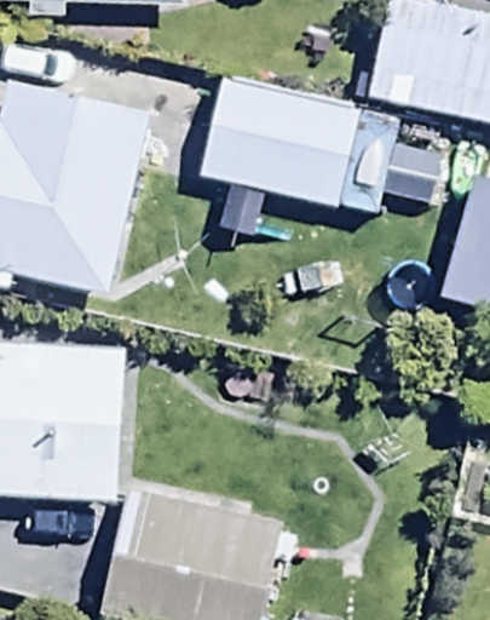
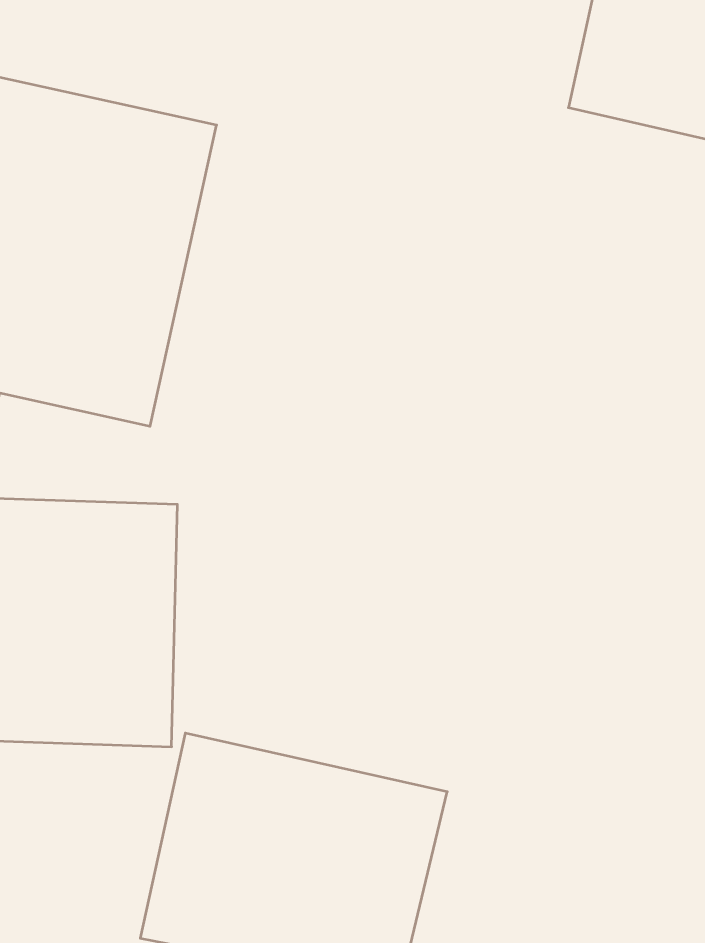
building: [202,80,364,214] -> none

